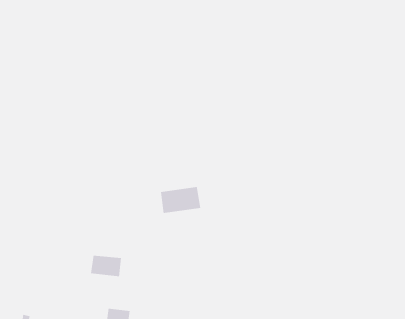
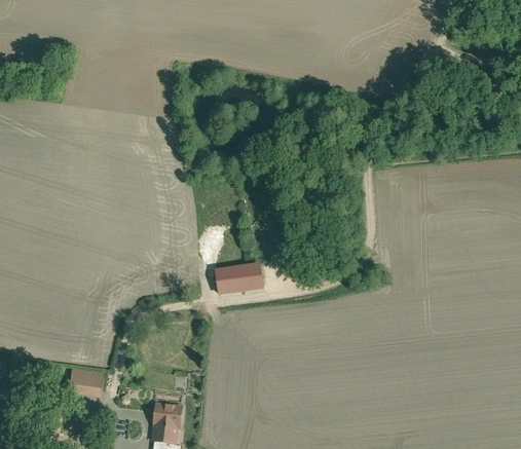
building: [90,255,122,277] -> [70,369,107,395]

